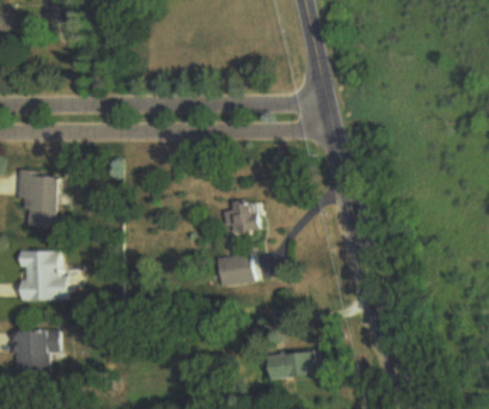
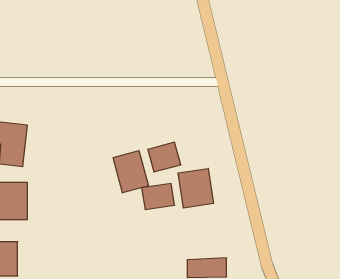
building: none -> [113,151,148,193]
building: none -> [178,168,214,208]

